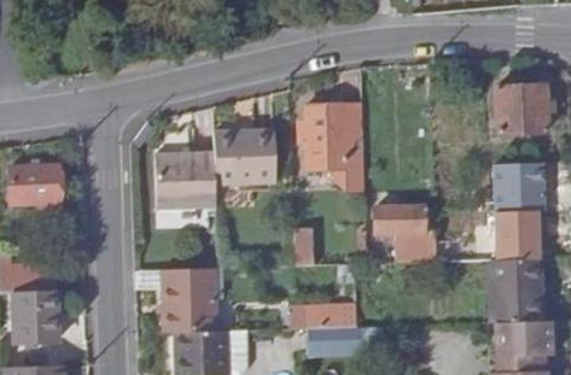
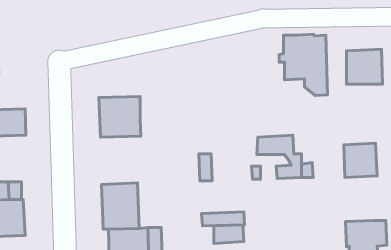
building: [301,102,367,187] -> [279,34,327,96]
building: [214,127,279,181] -> none
building: [493,164,547,216] -> none
building: [491,258,541,321] -> none

